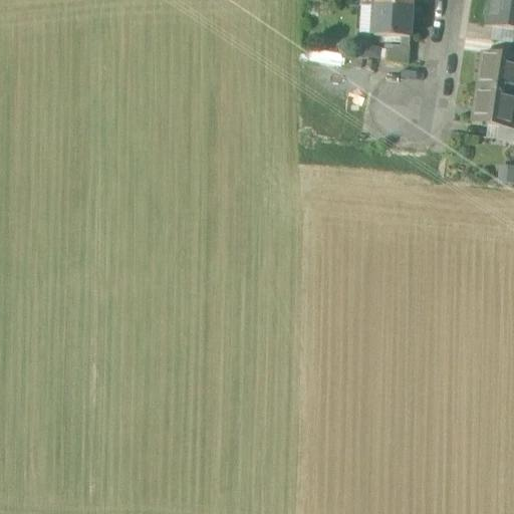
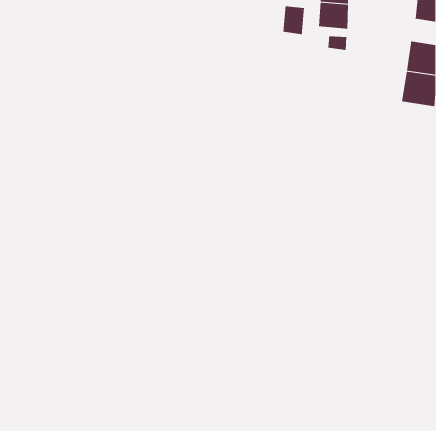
building: none -> [283,5,304,35]

